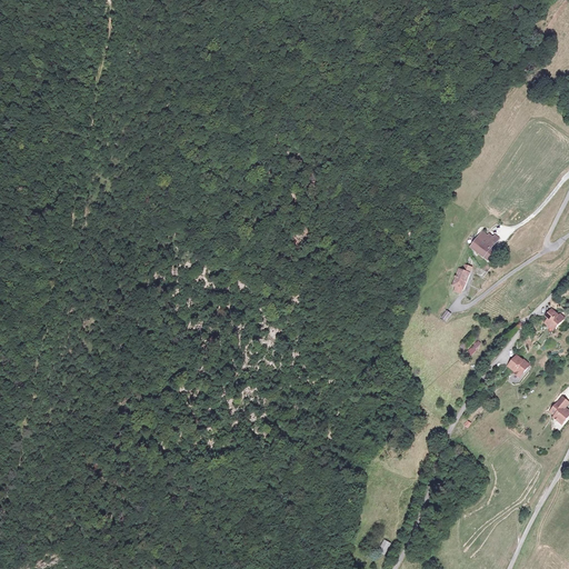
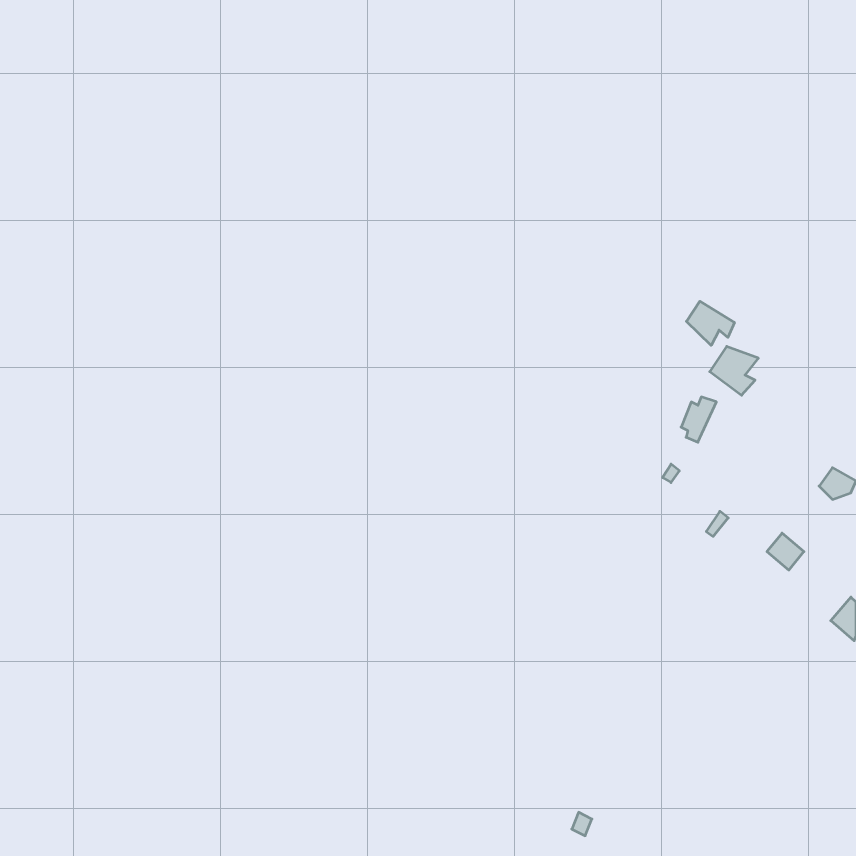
building: none -> [686,301,734,345]

